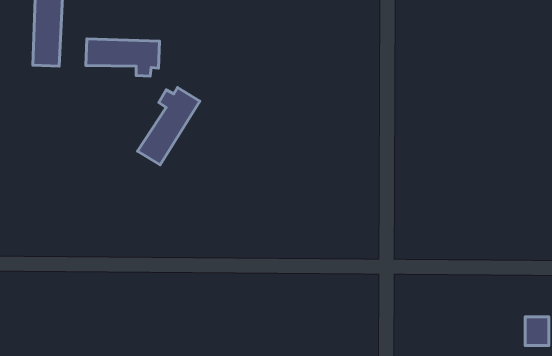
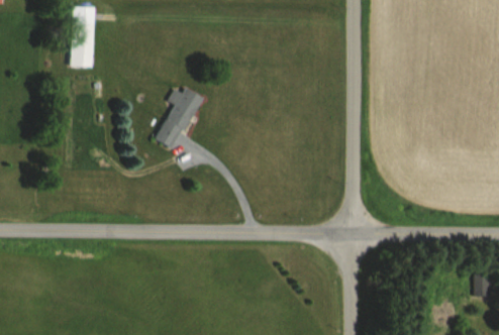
building: [86,39,160,76] -> none

